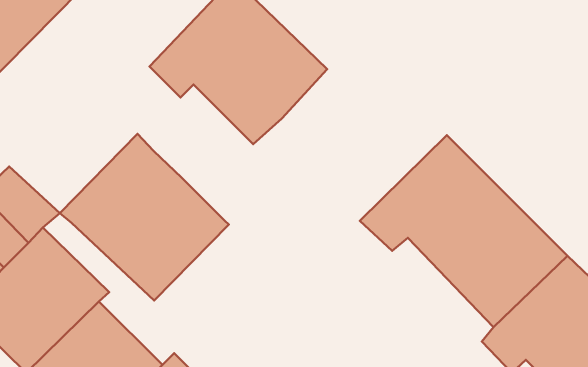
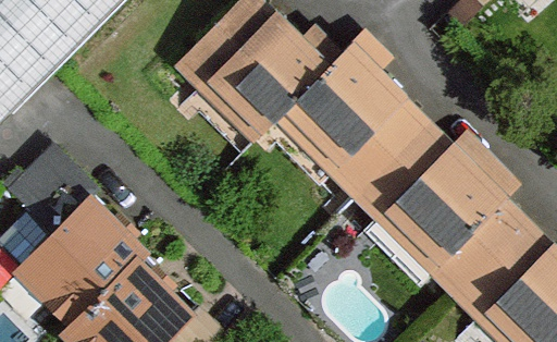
building: none -> [290,47,429,196]
building: [60,134,229,301] -> none

